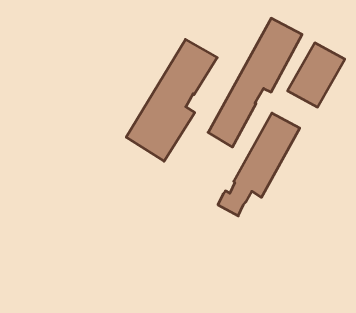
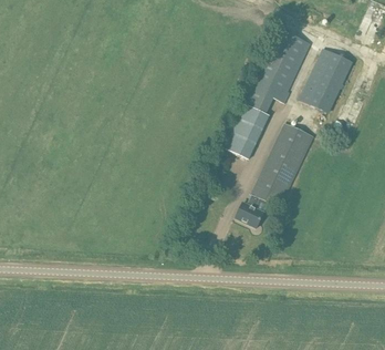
building: [126,39,217,161] -> none

